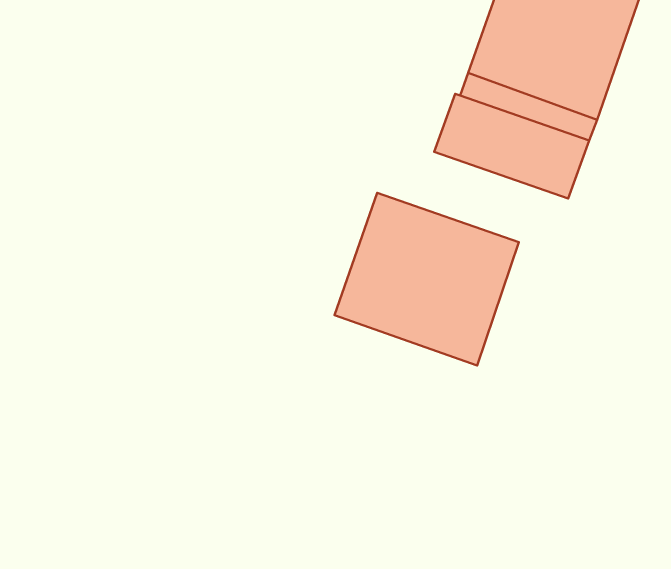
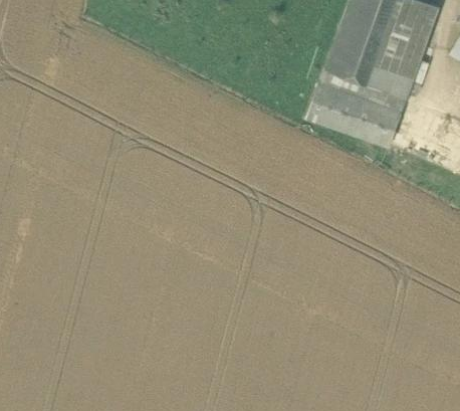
building: [334,193,519,365] -> none

